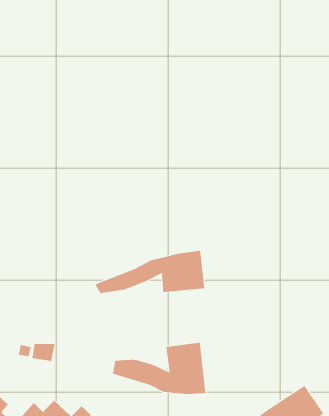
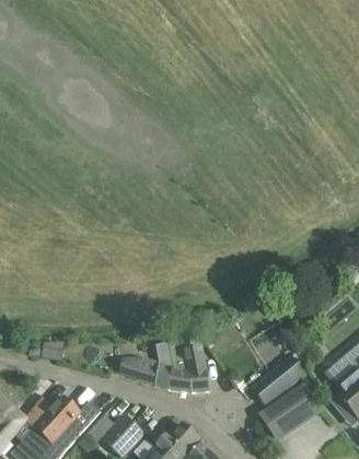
building: [95,250,205,294] -> none
building: none -> [252,357,306,405]

